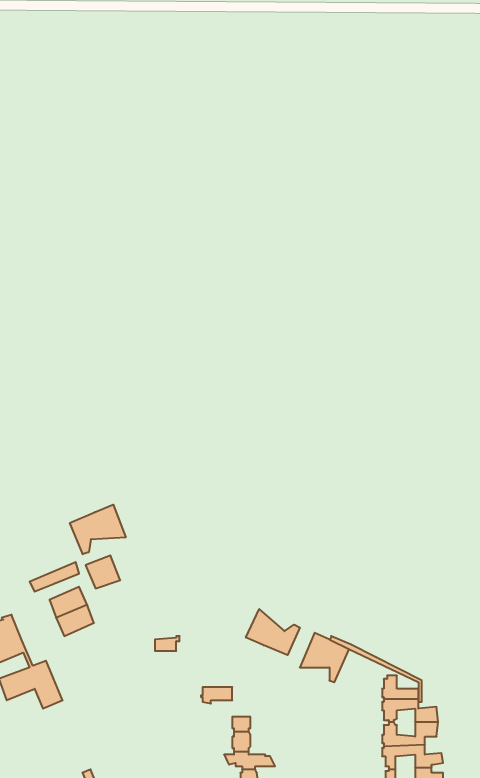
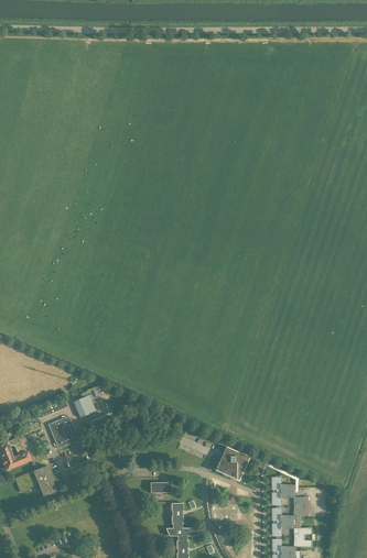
building: [70,505,126,554] -> none
building: [246,609,300,655] -> none

